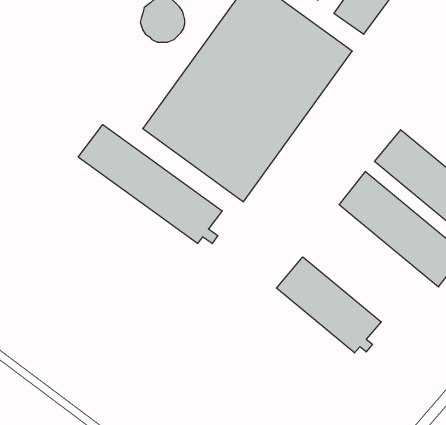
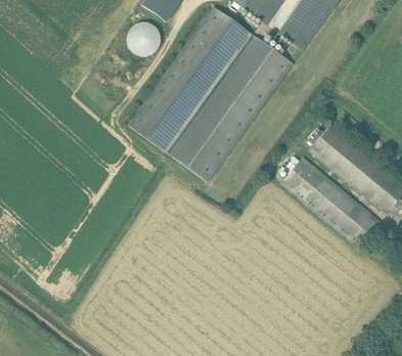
building: [78,125,222,244] -> none
building: [276,257,381,353] -> none

